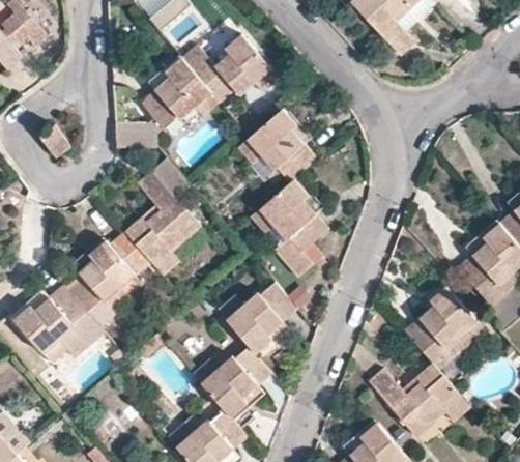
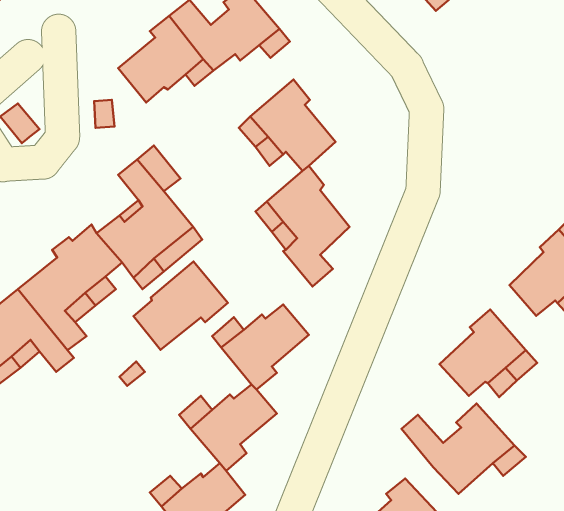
building: none -> [134,262,228,350]

